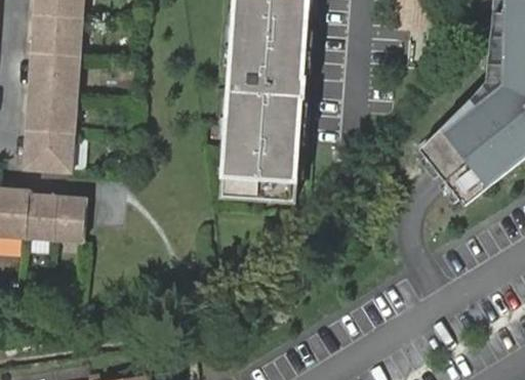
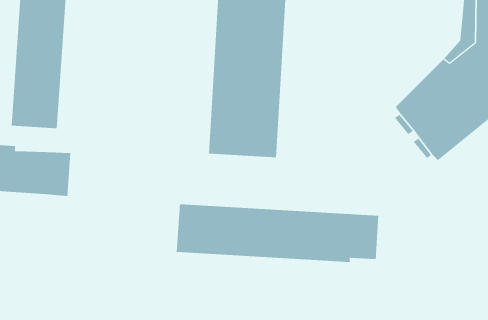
building: none -> [176,203,379,263]

